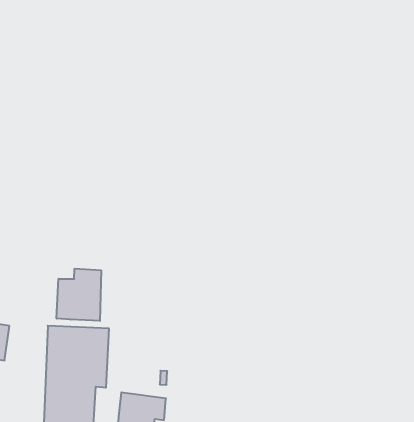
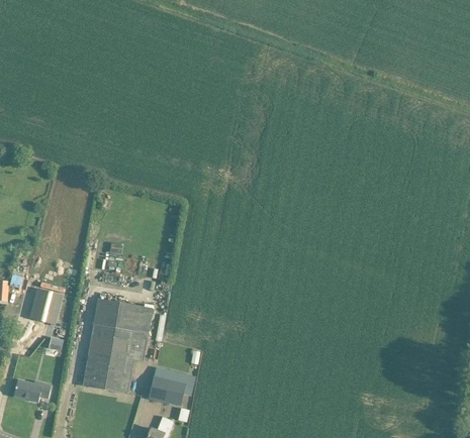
building: [57,269,101,321] -> none

